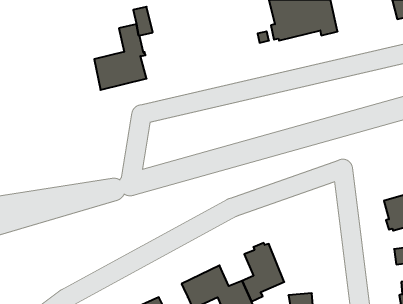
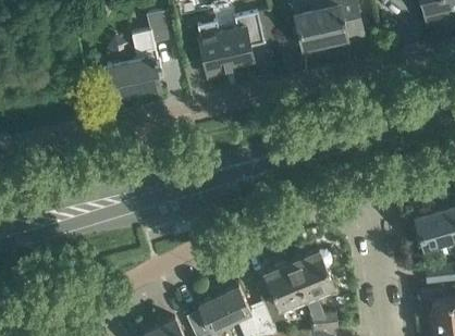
building: none -> [197,10,276,77]
building: none -> [291,251,335,303]

